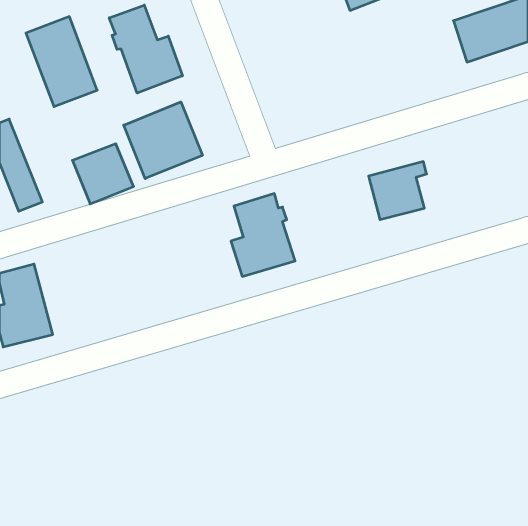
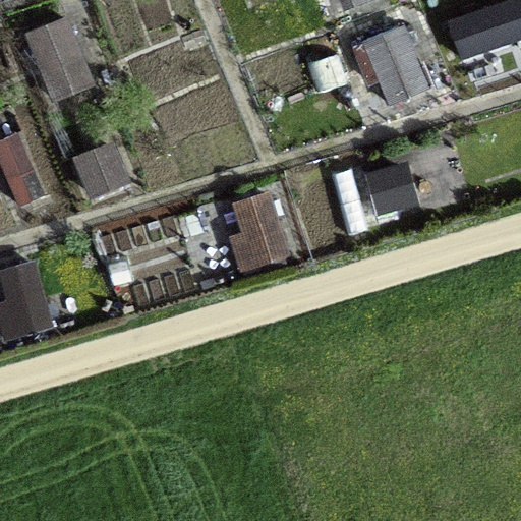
building: [109,5,182,93] -> none
building: none -> [361,24,429,106]
building: [124,102,202,179] -> none

